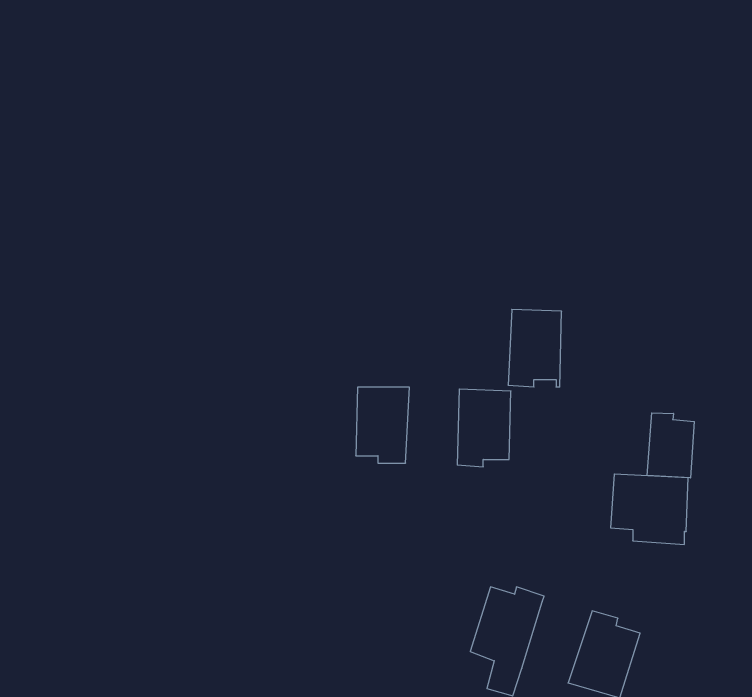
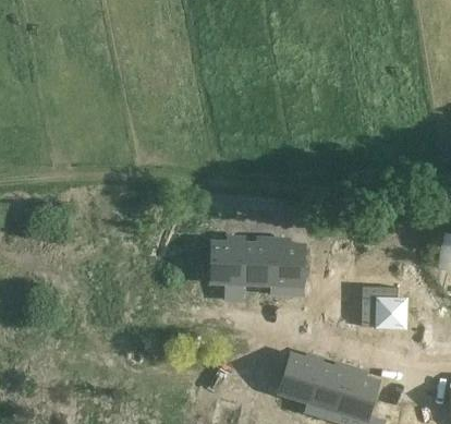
building: [508,309,562,387] -> [242,239,273,284]
building: [647,413,694,478] -> none
building: none -> [310,365,352,413]

